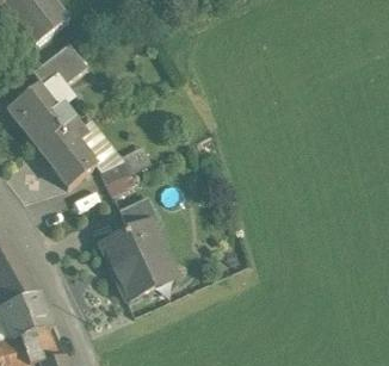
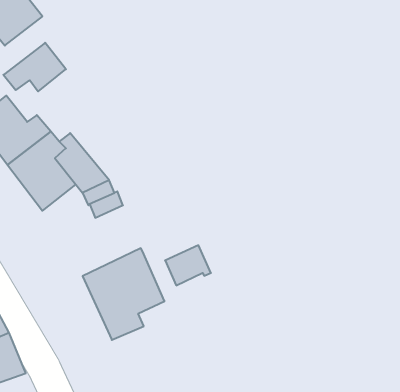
building: [118,196,158,230] -> [165,245,211,285]

